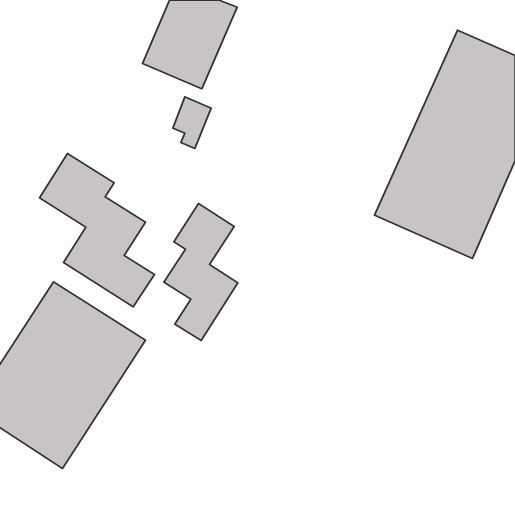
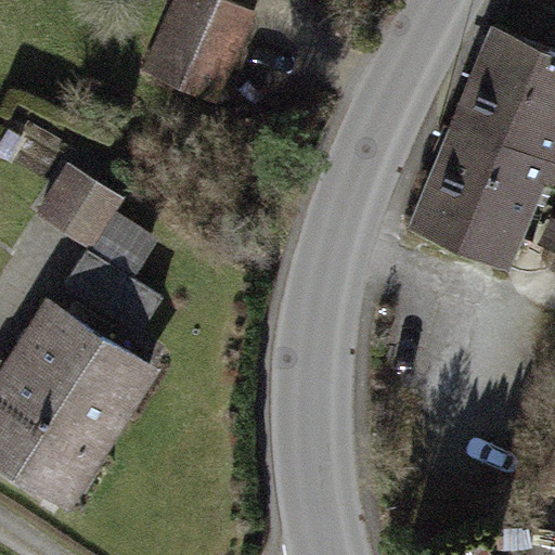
building: [164,204,238,340] -> none

